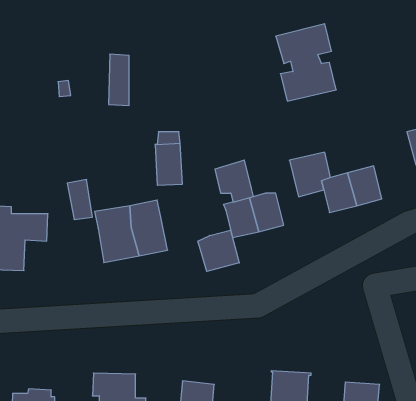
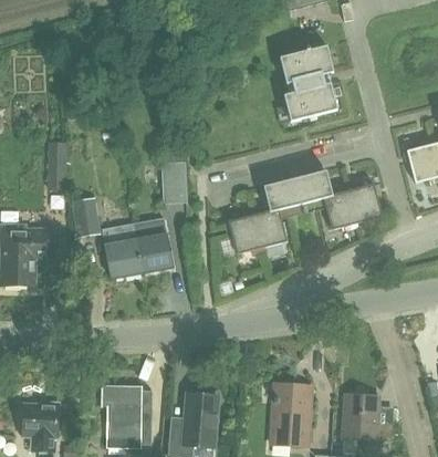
building: [109,54,129,105] -> [46,139,66,189]
building: [215,160,254,202] -> [262,178,300,219]
building: [198,230,239,271] -> none

